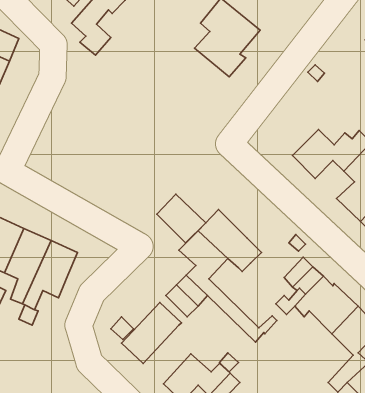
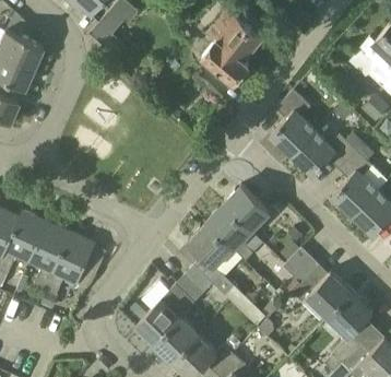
building: none -> [271,90,317,155]
building: [157,194,206,243] -> [225,186,270,231]
building: none -> [156,310,208,364]

